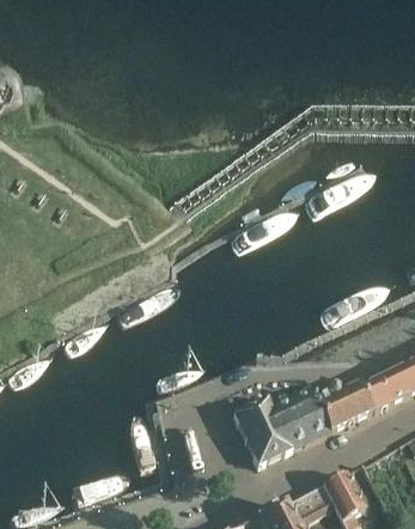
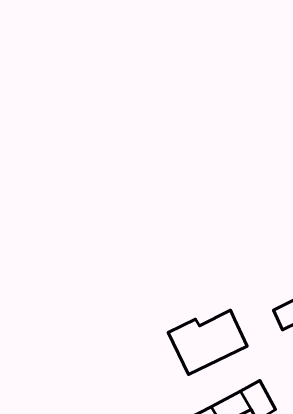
building: [315,382,373,430] -> none

